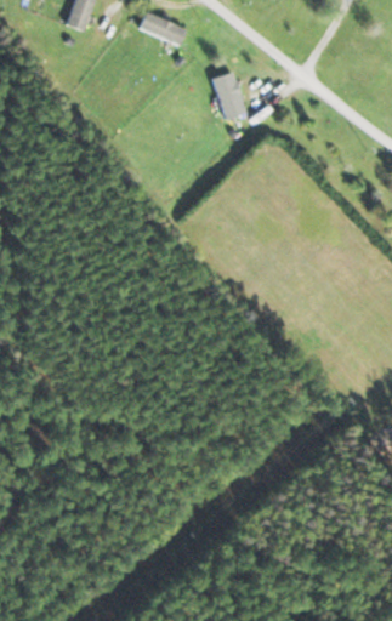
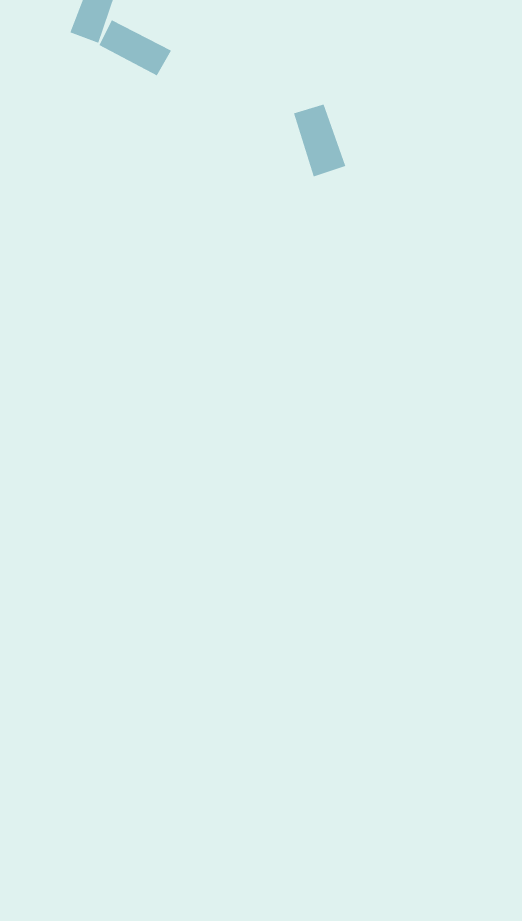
building: [138,10,187,47] -> [99,20,172,76]

